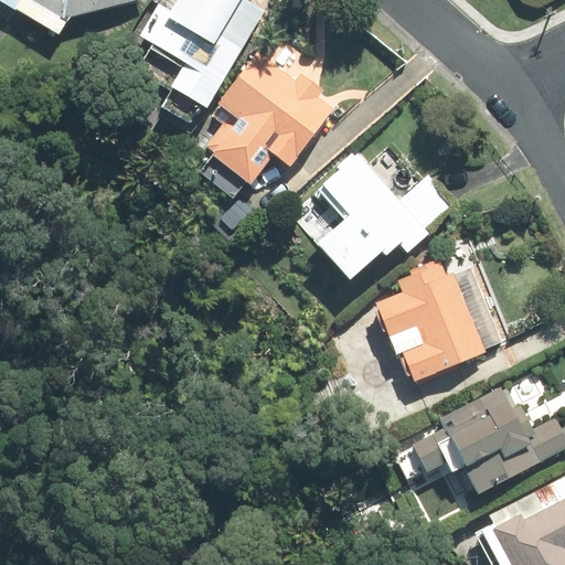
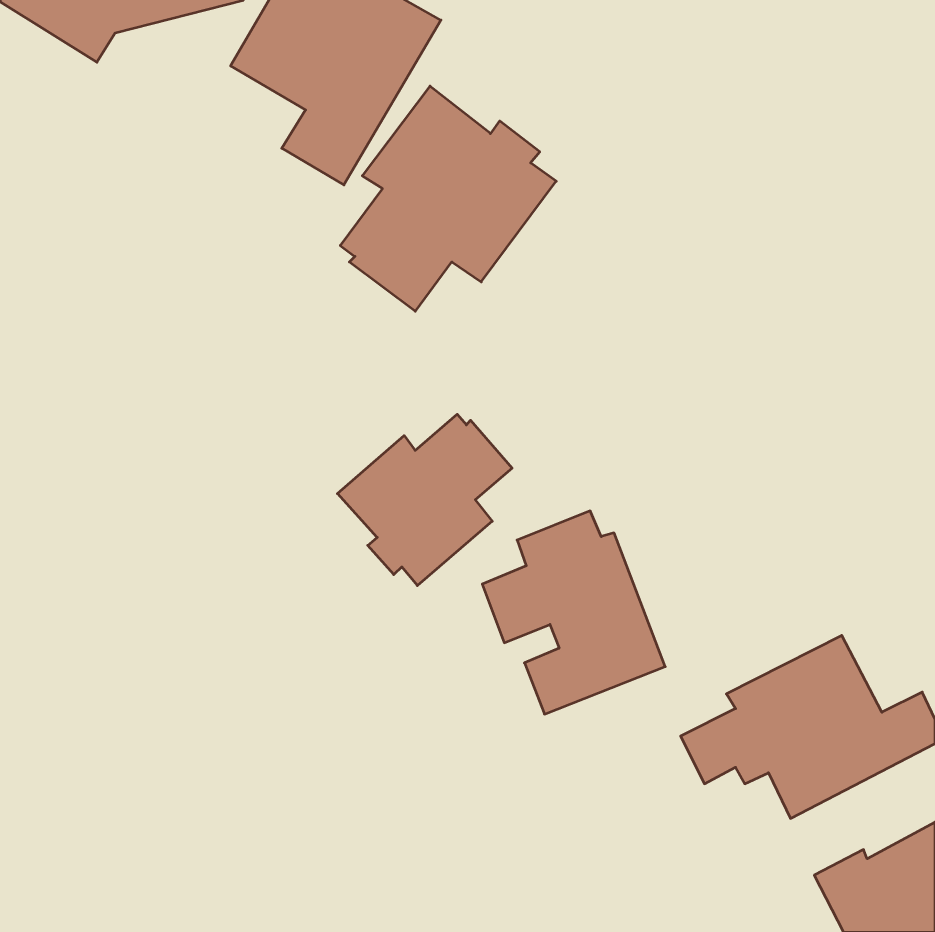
building: [315,152,460,279] -> none
building: none -> [337,414,512,586]
building: [374,258,484,381] -> [482,511,665,714]

